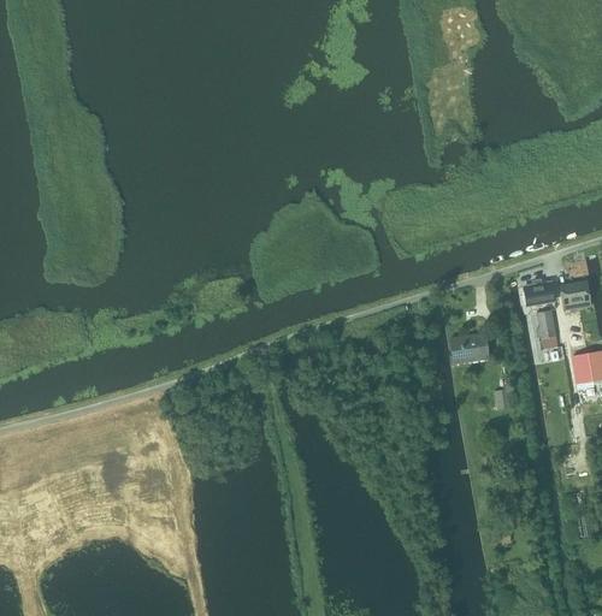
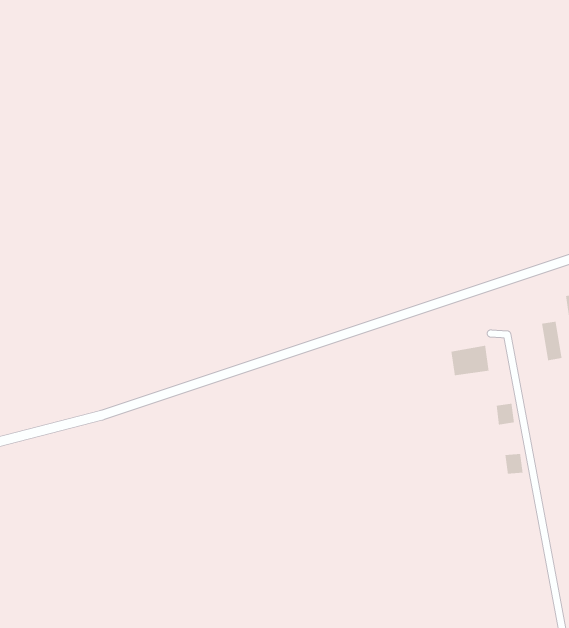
building: [524,280,554,306] -> none

